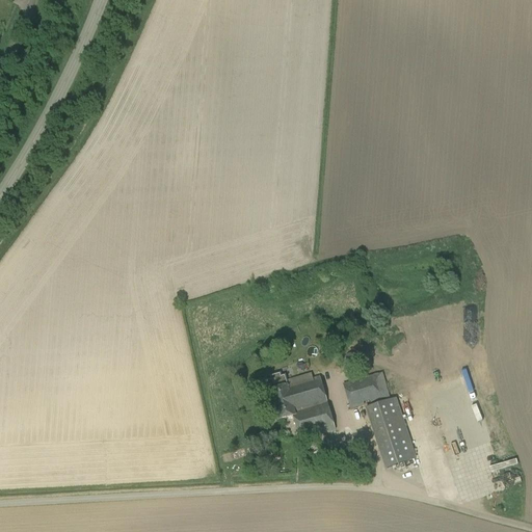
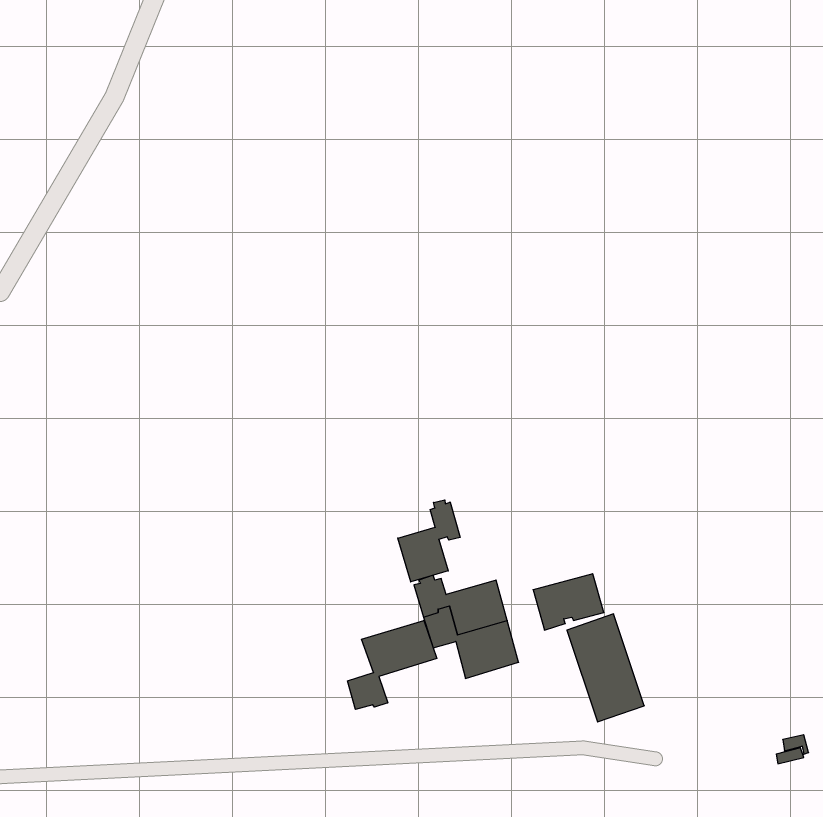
building: none -> [398,500,460,582]
building: none -> [347,620,437,709]

